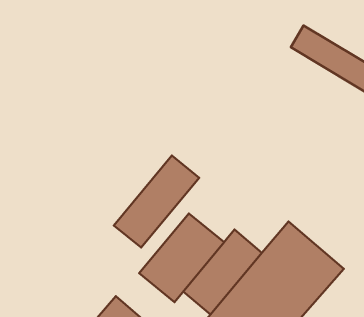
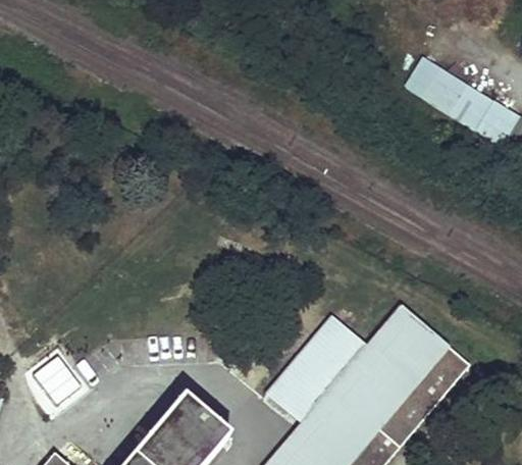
building: [114,156,199,248] -> none
building: [139,213,224,302] -> none

